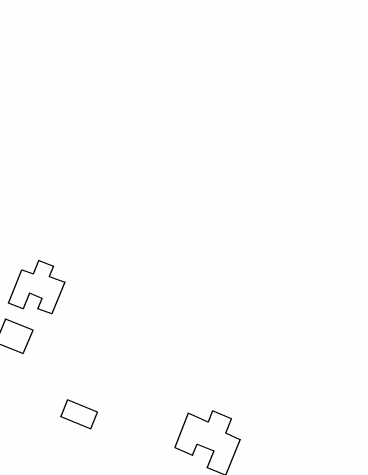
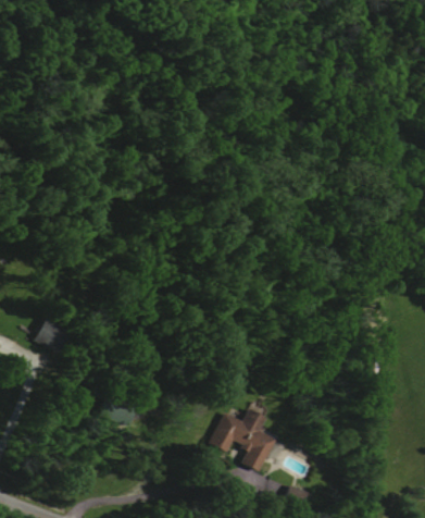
building: [9,260,65,314] -> none

